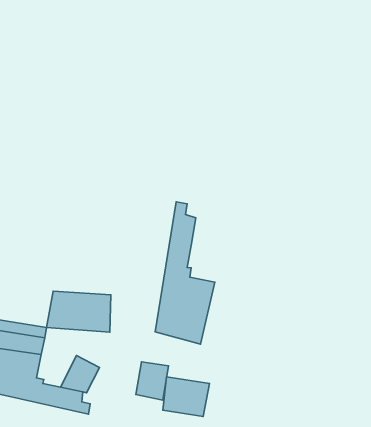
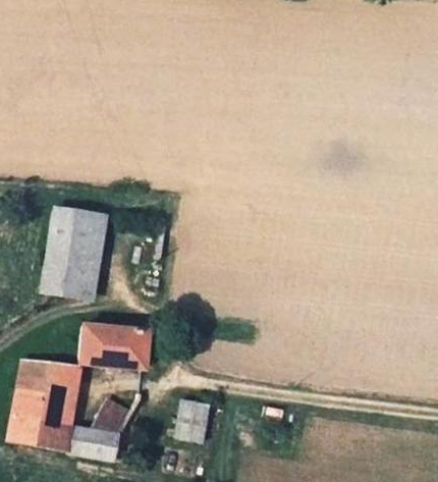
building: none -> [43,209,96,293]
building: [155,202,215,344] -> none
building: [163,377,209,416] -> none

